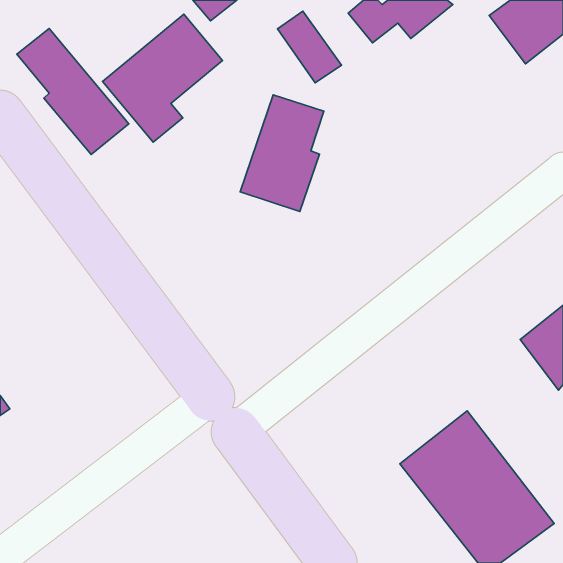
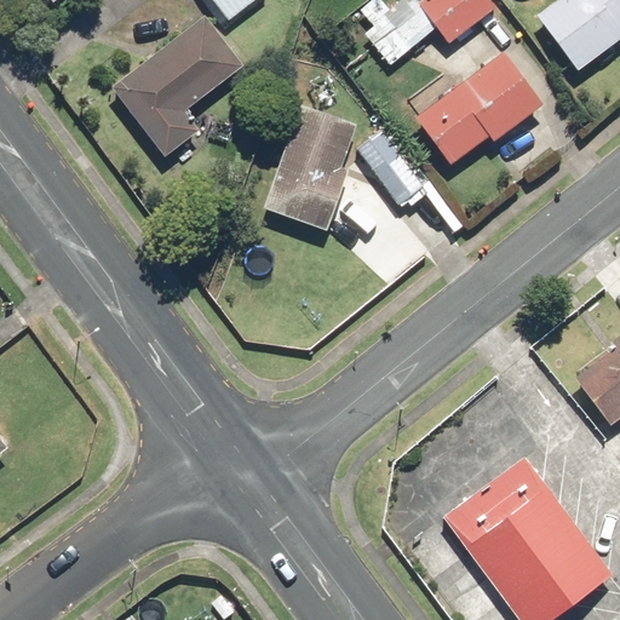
building: [278,11,342,83] -> [356,128,426,207]
building: [17,28,129,155] -> none
building: none -> [417,51,545,166]

